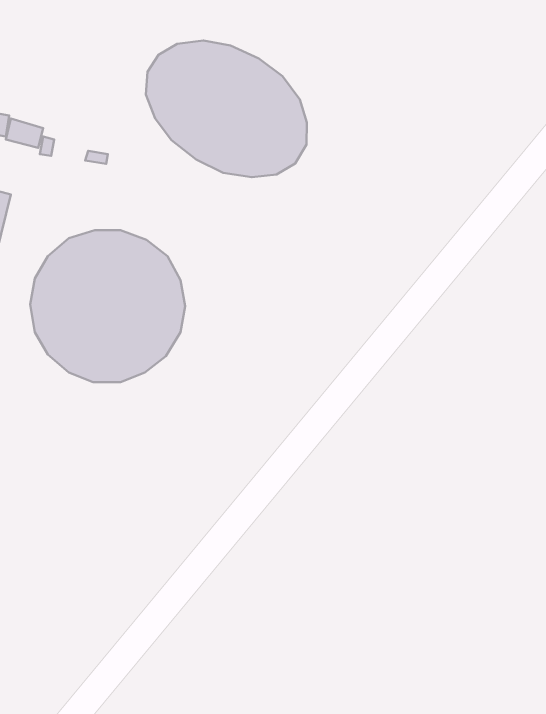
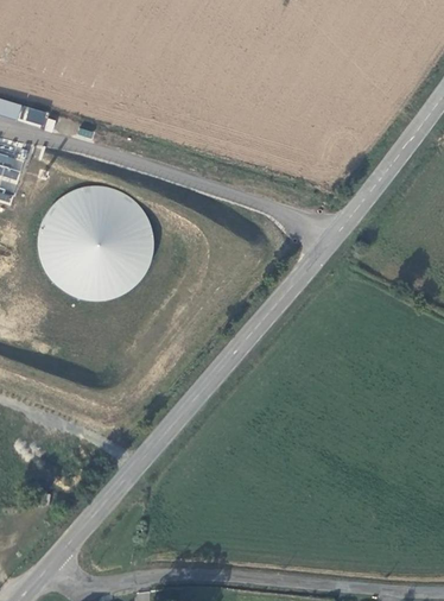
building: [146,41,307,177] -> none

